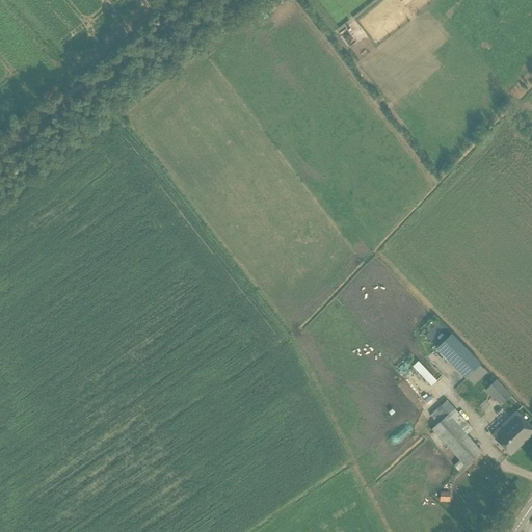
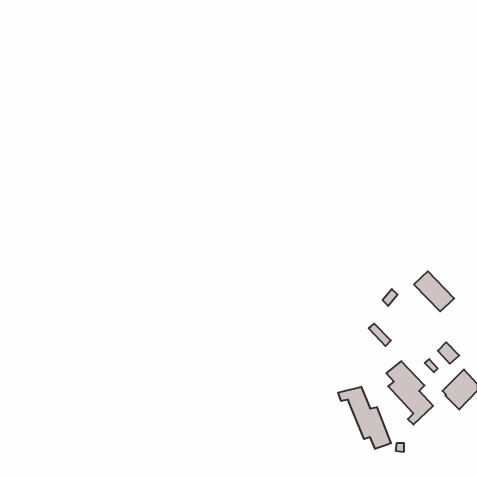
building: [436,334,481,378] -> [414,271,454,311]
building: none -> [338,387,391,449]

